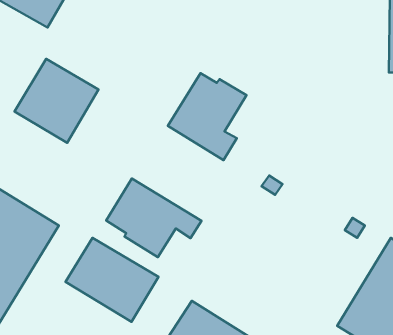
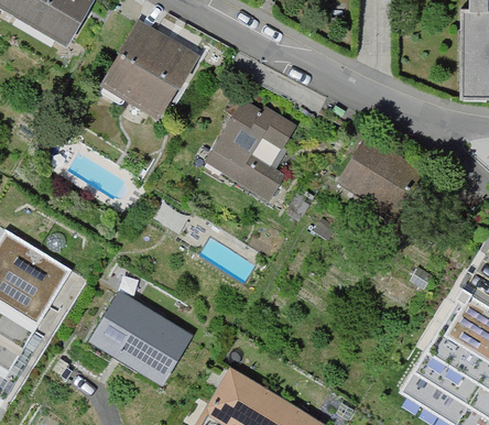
building: [15,59,99,143] -> [100,22,197,119]
building: none -> [337,137,424,218]
building: [106,179,201,257] -> none

